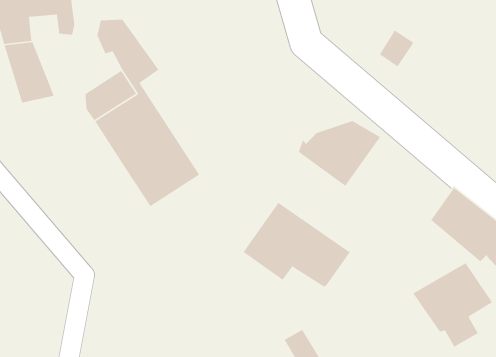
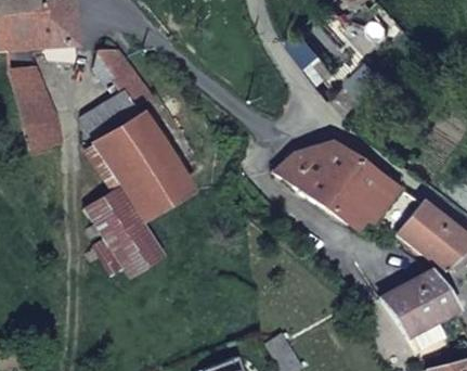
building: none -> [27,117,66,153]
building: none -> [87,184,163,274]
building: [242,202,351,288] -> [322,155,420,233]

